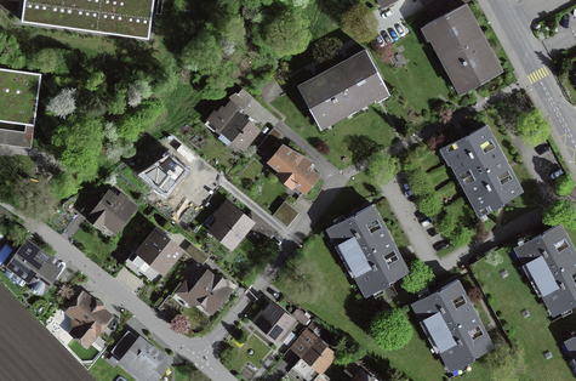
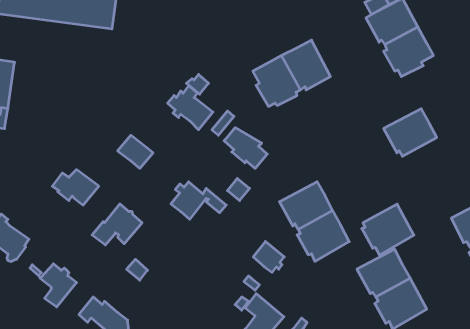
building: [463,158,520,214] -> [362,204,414,255]
building: [188,272,229,312] -> none
building: [256,303,290,337] -> [253,241,284,272]

